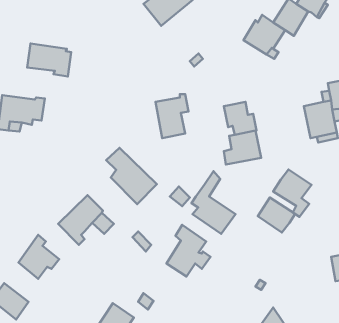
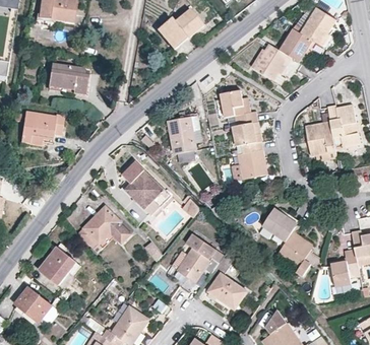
building: none -> [219,86,256,122]
building: [273,170,311,217] -> [278,230,313,274]
building: [191,171,235,234] -> [206,250,247,307]

